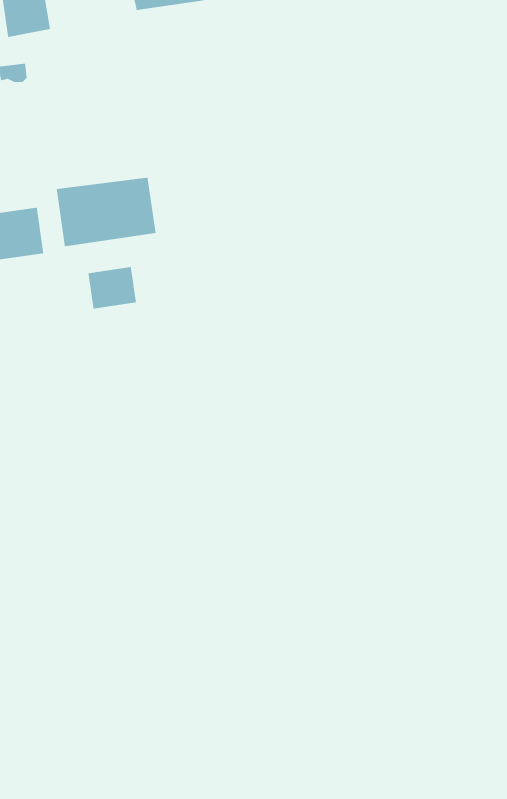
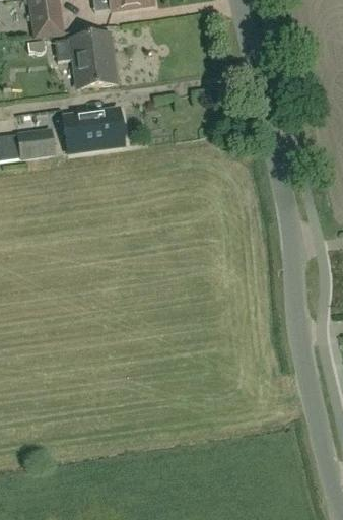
building: none -> [55,32,116,86]
building: [87,266,137,309] -> none

